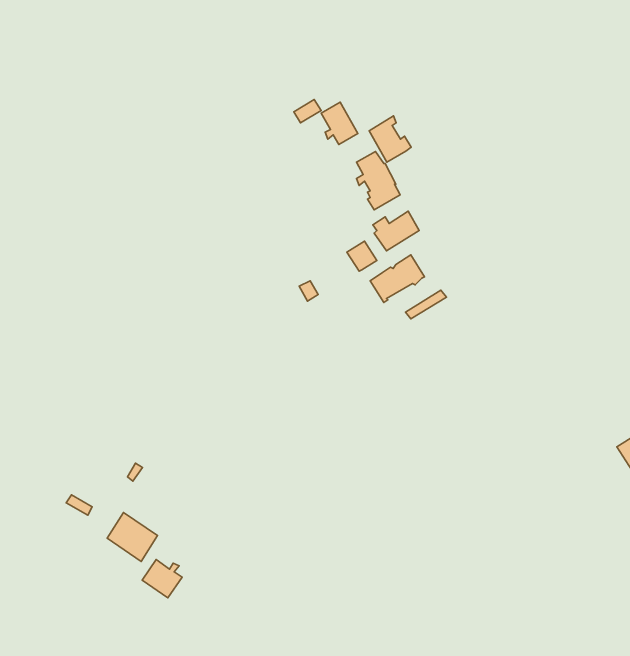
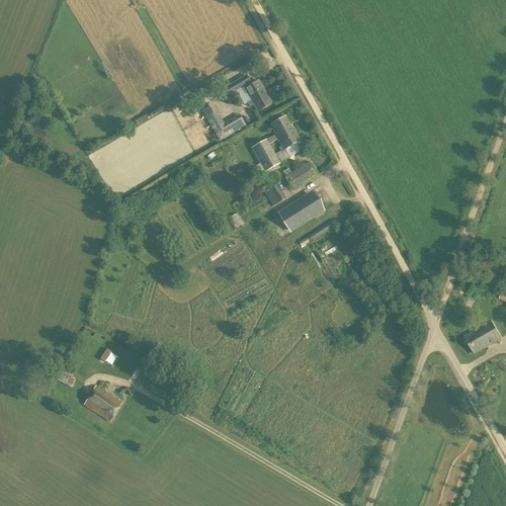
building: [369,116,411,162] -> [252,136,283,170]
building: none -> [200,102,245,140]
building: [142,560,182,598] -> none

